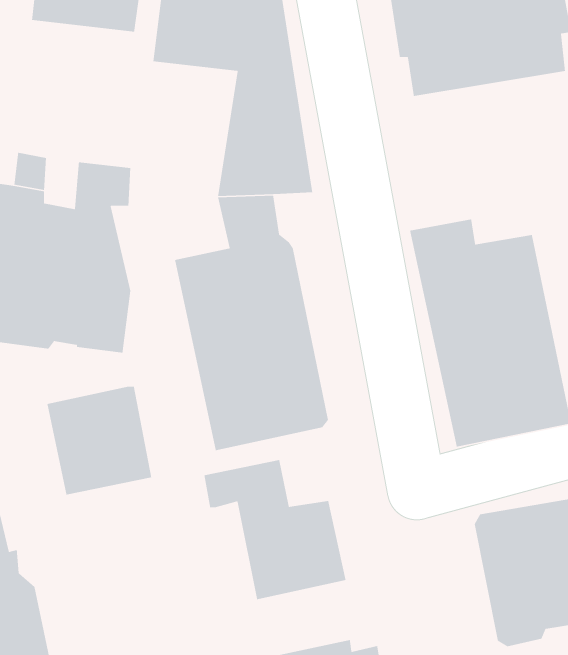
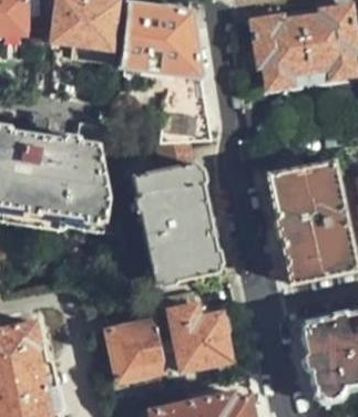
building: [46,386,152,496] -> [106,319,166,380]

